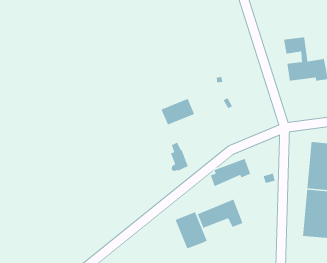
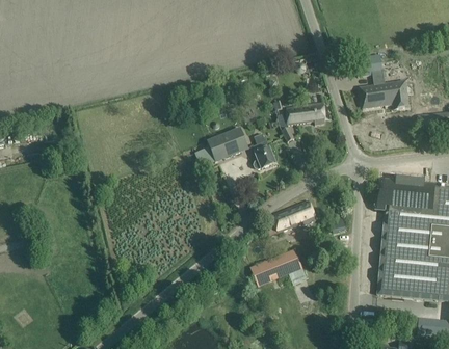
building: none -> [284,102,323,125]
building: [170,141,189,172] -> [252,132,274,168]
building: [174,211,208,250] -> none

